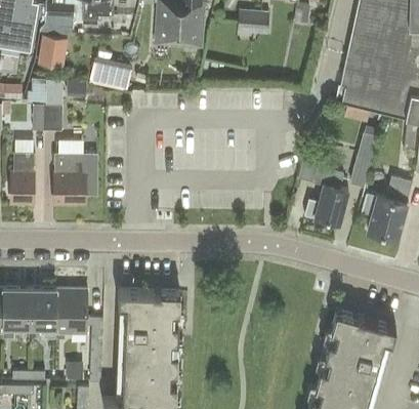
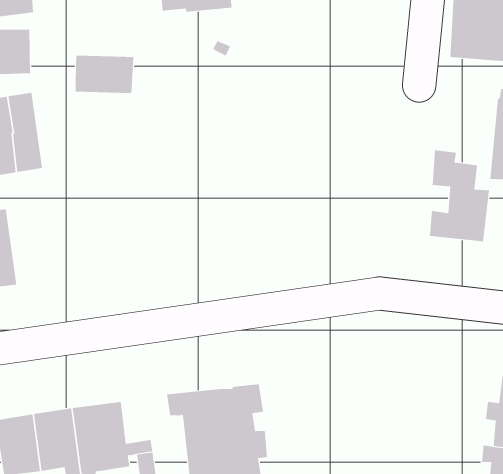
building: [54,153,98,203] -> none

